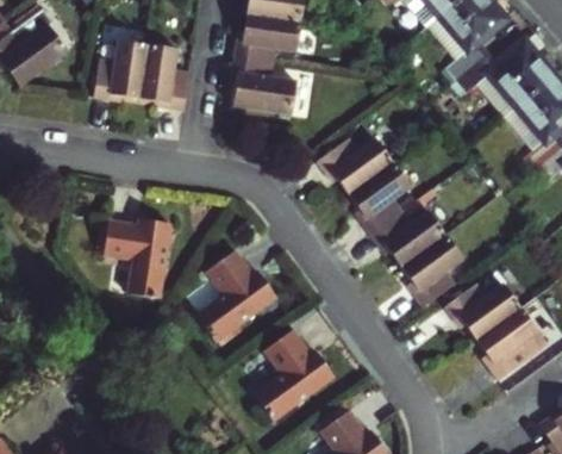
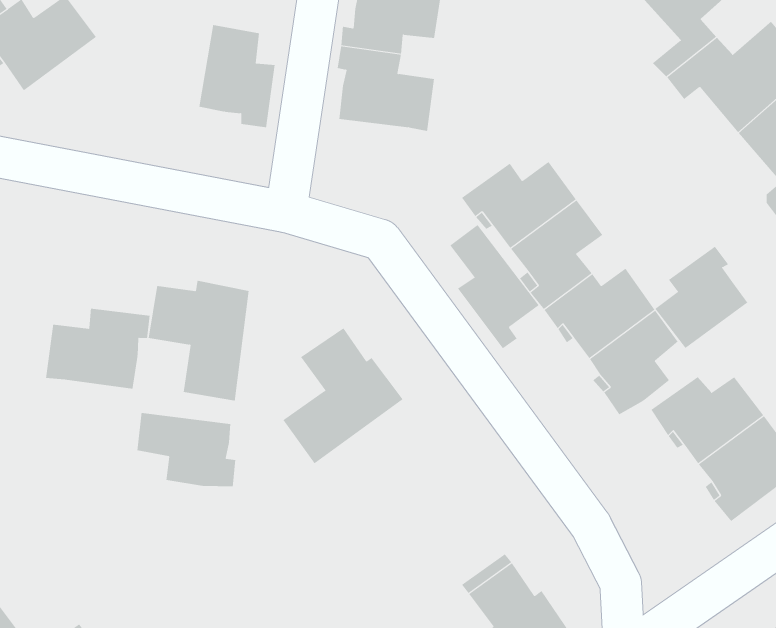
building: [93,38,148,102] -> none
building: none -> [449,224,540,349]
building: none -> [655,246,748,349]
building: none -> [46,308,150,390]
building: none -> [137,412,236,487]
building: [254,329,335,421] -> none

